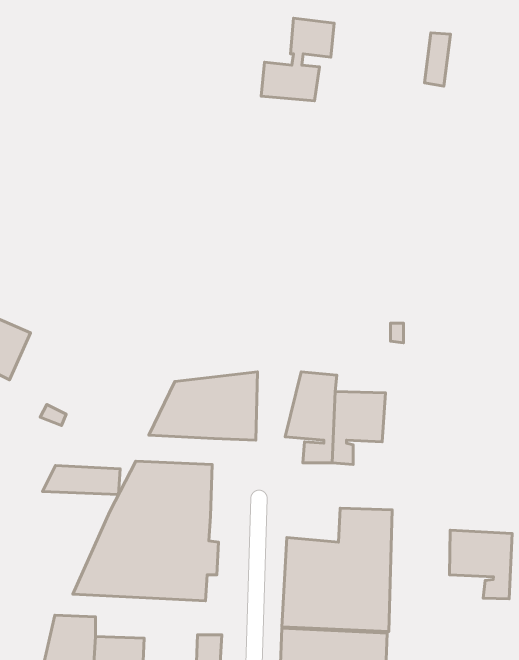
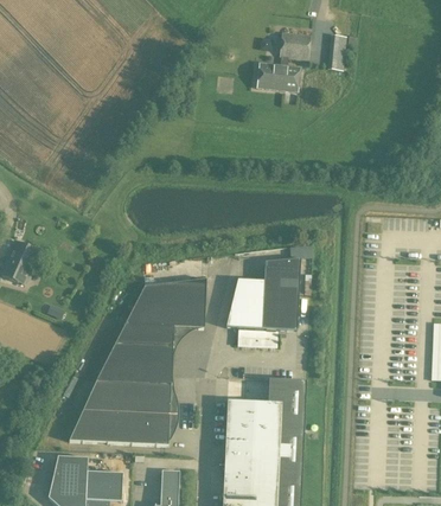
building: [261,18,334,101] -> [257,30,311,90]
building: none -> [262,257,300,293]
building: [42,465,120,495] -> [116,324,173,345]
building: [450,530,512,599] -> none

